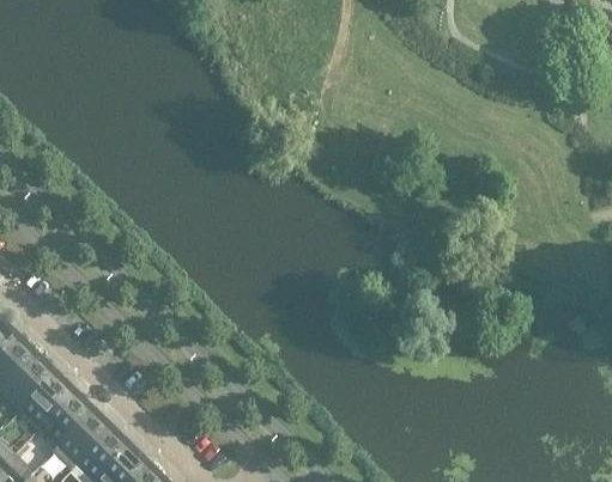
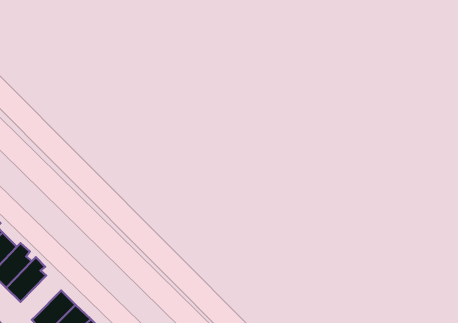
building: [31,384,83,435] -> none

